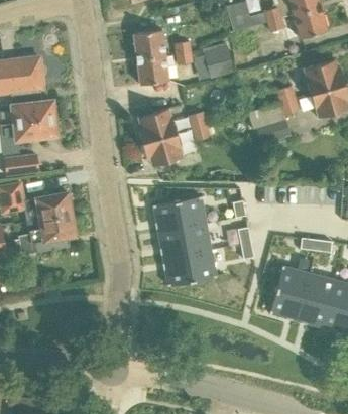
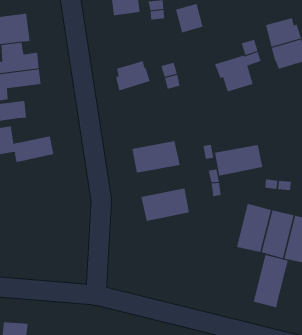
building: [135,55,168,85] -> none
building: [141,132,183,166] -> none
building: [18,213,74,255] -> none
building: [160,225,215,260] -> [214,144,263,176]
building: none -> [253,254,288,308]

